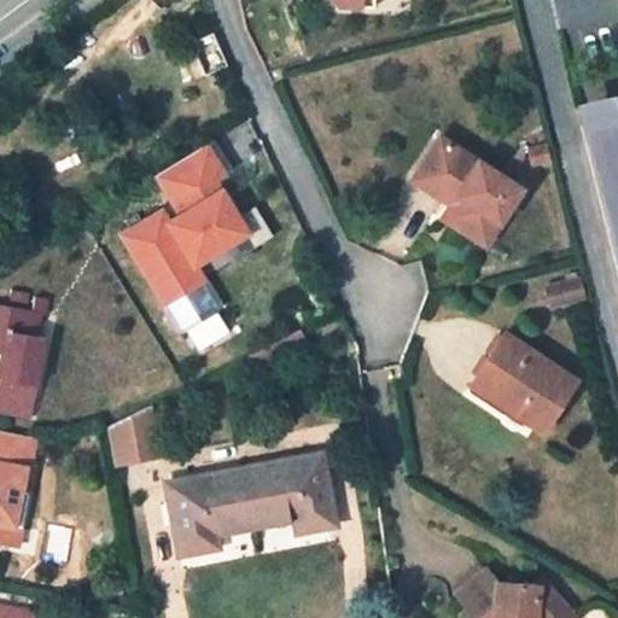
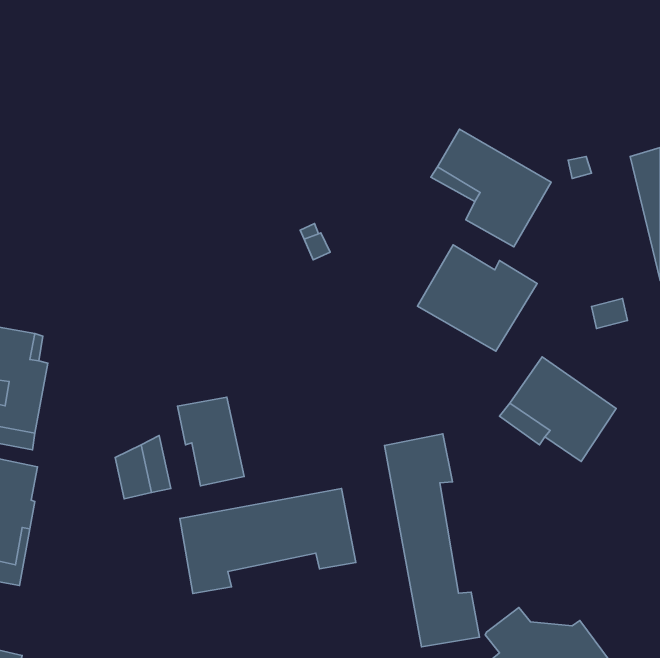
building: [123,144,260,355] -> none
building: none -> [417,245,537,351]
building: none -> [178,397,244,486]
building: none -> [384,434,480,647]

